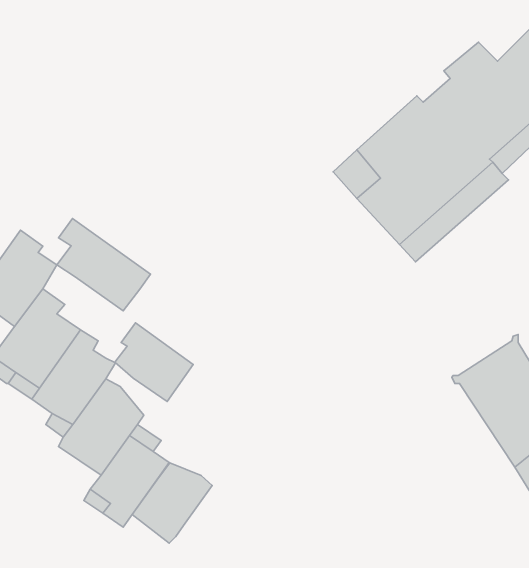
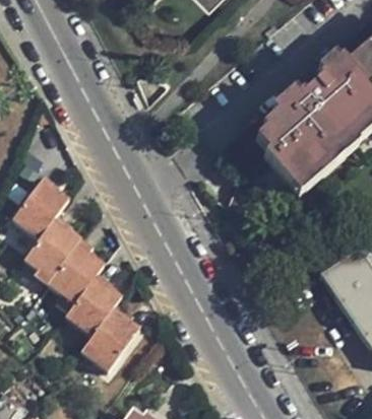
building: [57,219,151,311] -> none
building: [115,323,193,401] -> none
building: [132,463,212,543] -> none

